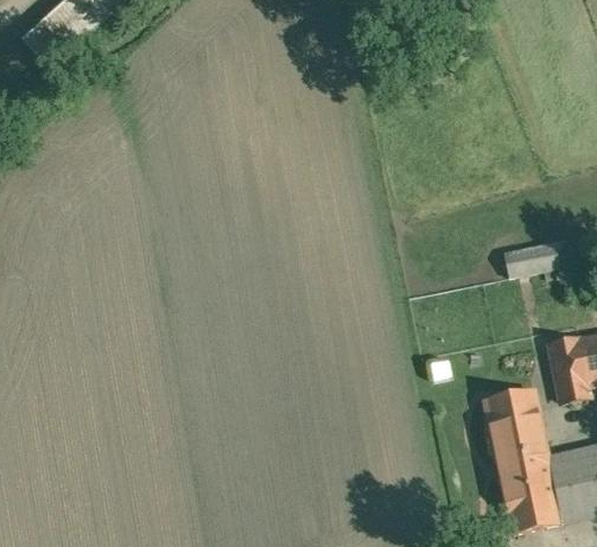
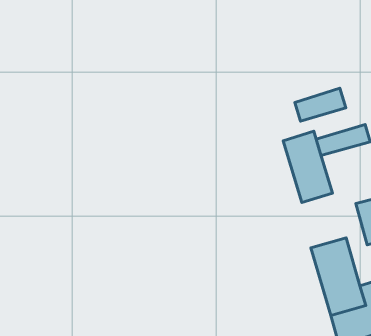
building: none -> [295,88,346,121]
building: none -> [283,131,332,203]

